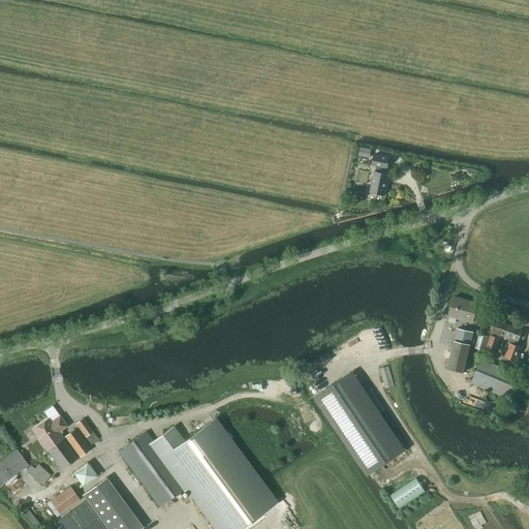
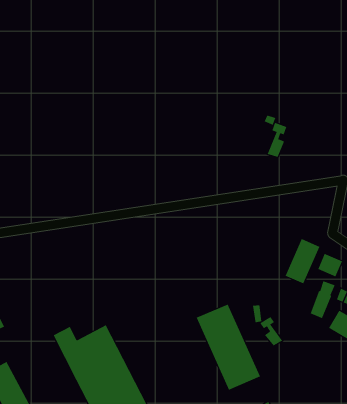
building: none -> [285,238,320,284]
building: none -> [260,316,283,346]
building: [119,431,189,507] -> none

